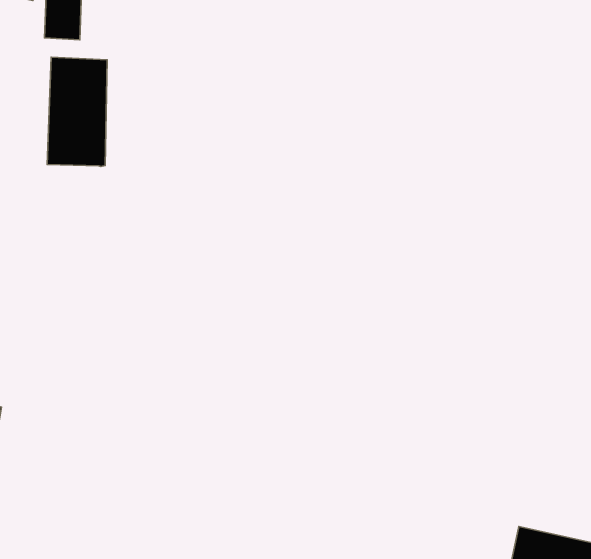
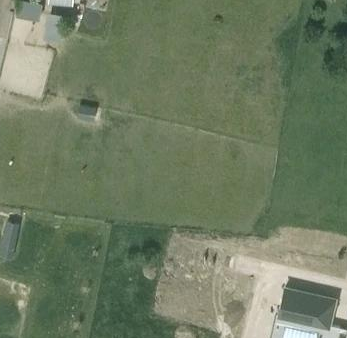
building: [47,57,107,167] -> none

